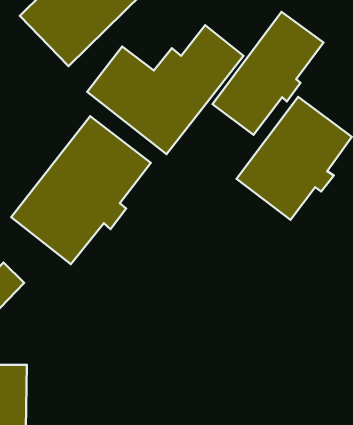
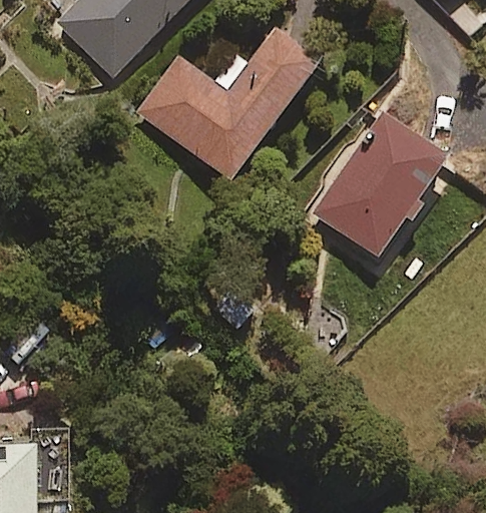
building: [212,12,323,135] -> none
building: [11,116,151,264] -> none

